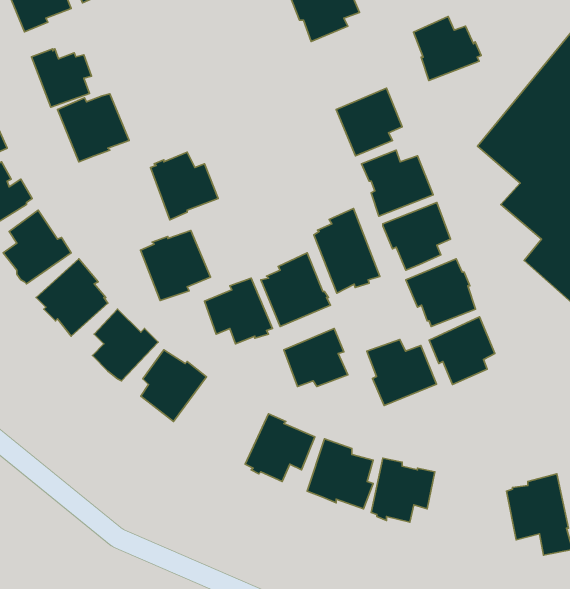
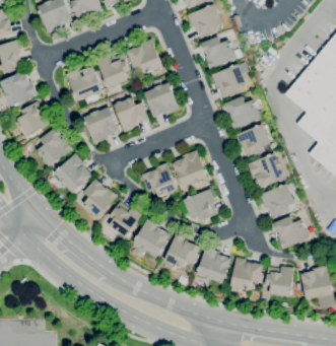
building: [413,17,481,81] -> [201,34,237,68]
building: none -> [126,39,162,73]
building: [31,49,91,107] -> [97,57,129,87]
building: none -> [143,82,180,117]
building: [314,208,380,293] -> none
building: [141,231,210,300] -> [83,107,120,143]
building: [367,340,436,406] -> [274,215,311,250]
building: none -> [133,217,171,256]
building: none -> [265,266,293,296]

